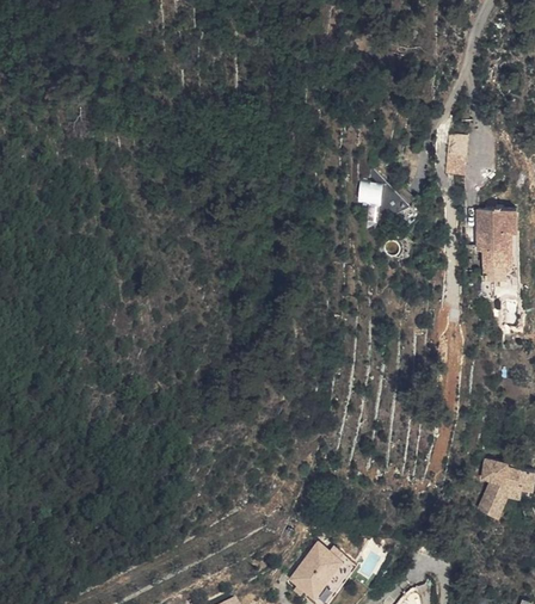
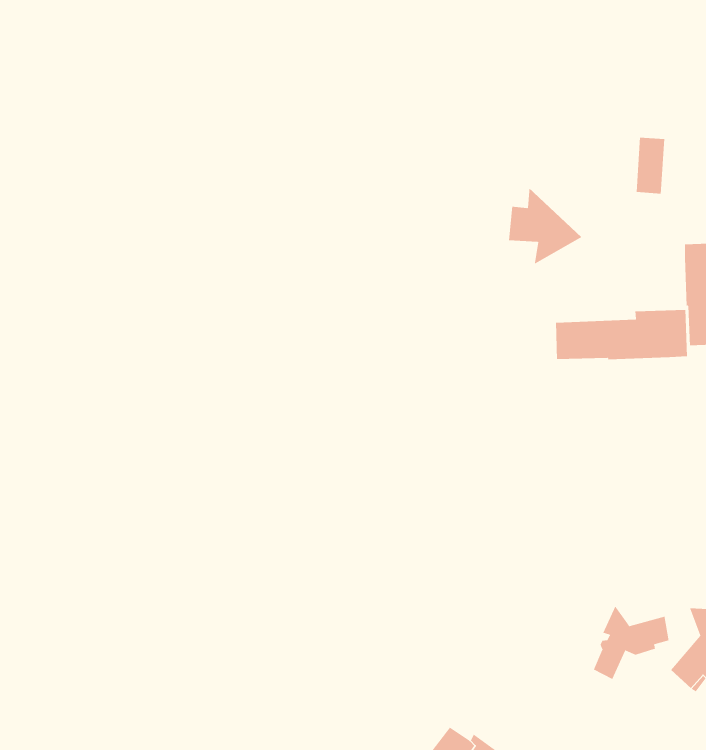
building: none -> [556,309,688,360]
building: none -> [593,606,669,680]

